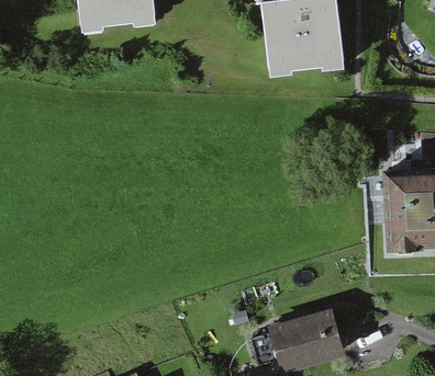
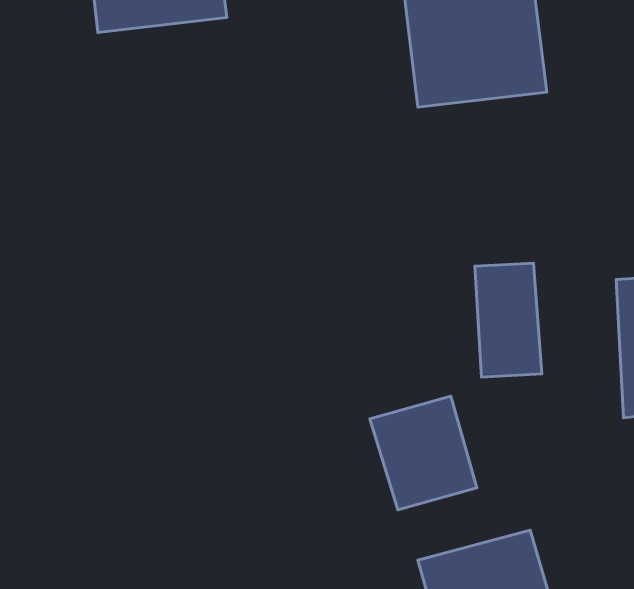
building: none -> [475,263,542,377]
building: none -> [370,396,477,510]

